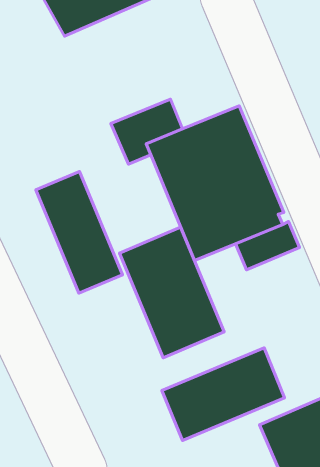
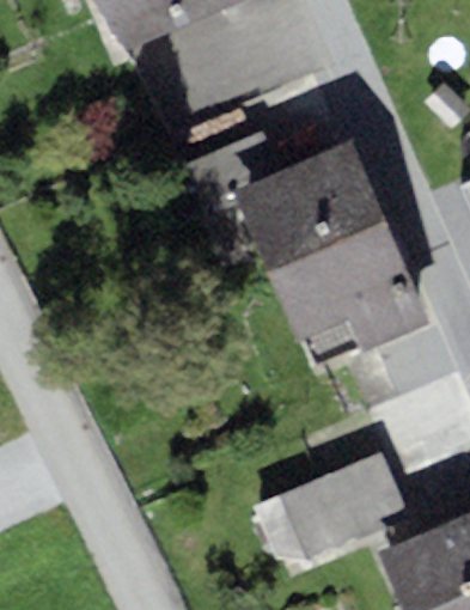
building: [36,171,122,293] -> none
building: [119,227,224,358] -> none

